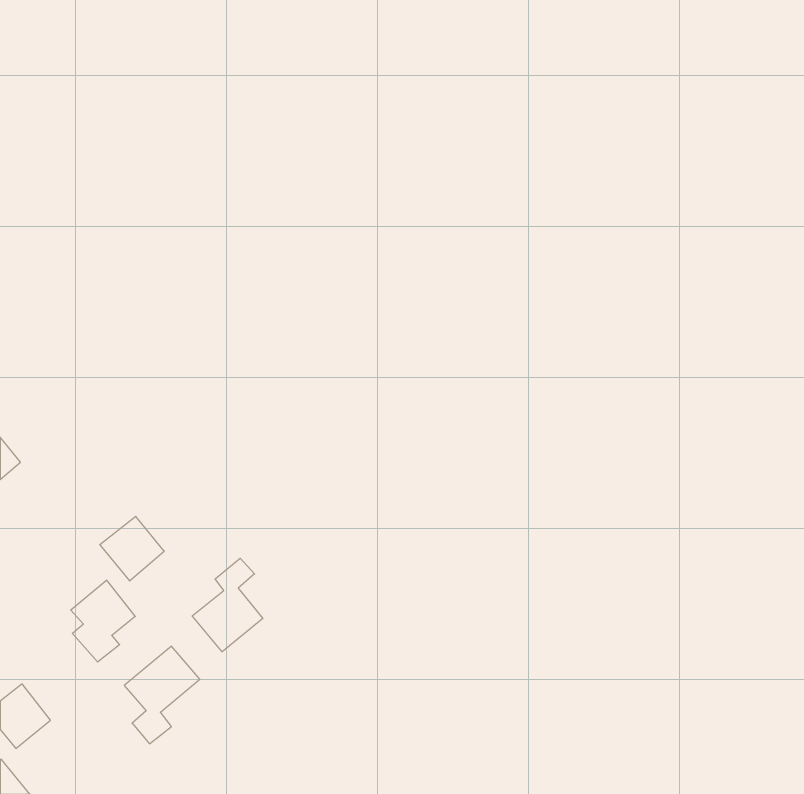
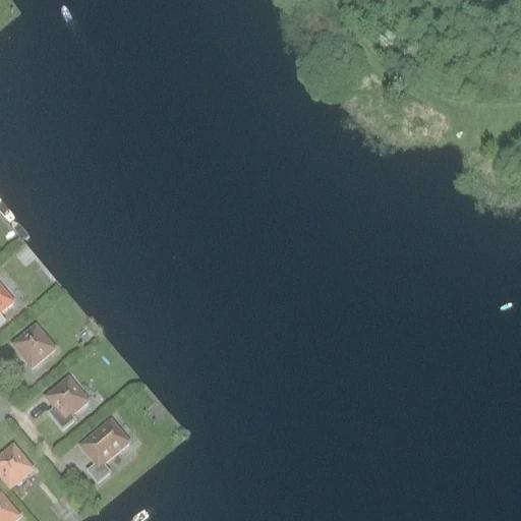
building: [100,516,164,581] -> [13,324,55,365]
building: [192,558,263,652] -> none

